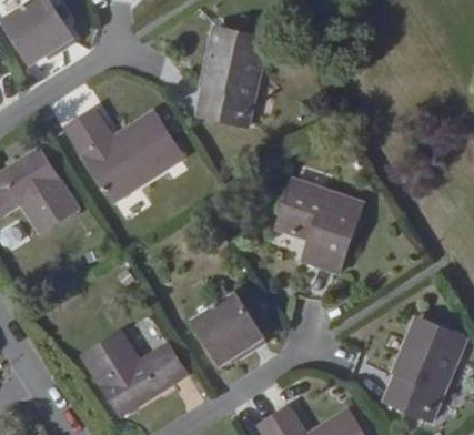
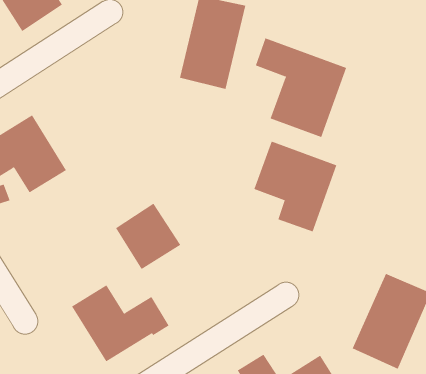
building: none -> [255,37,347,138]
building: [64,107,181,201] -> none
building: [193,294,263,365] -> [115,203,181,270]

